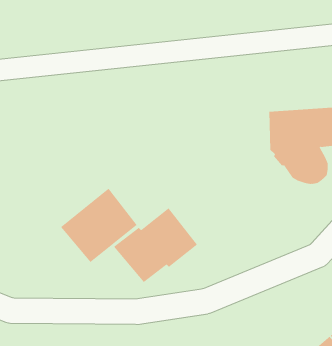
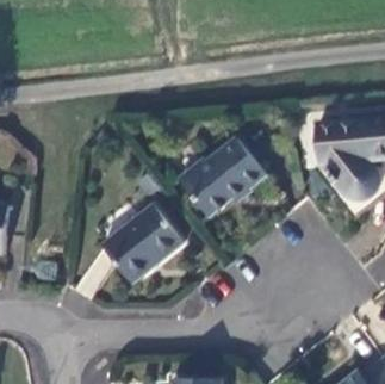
building: [113,208,198,283] -> [179,137,266,215]

